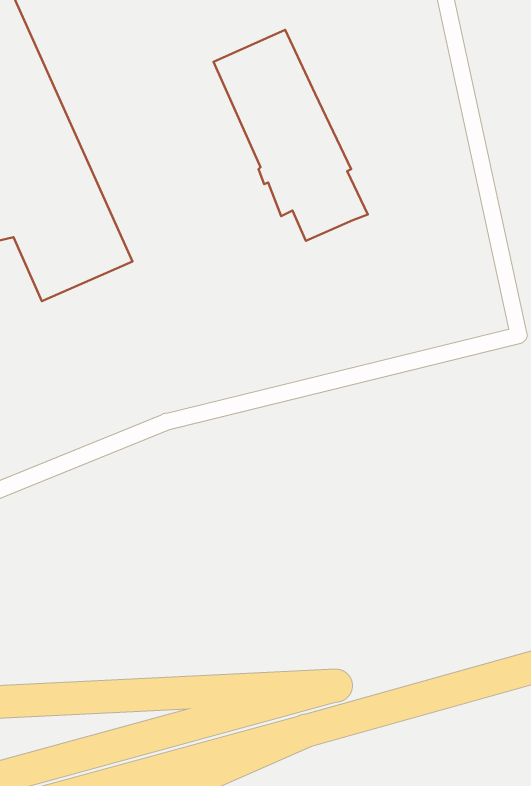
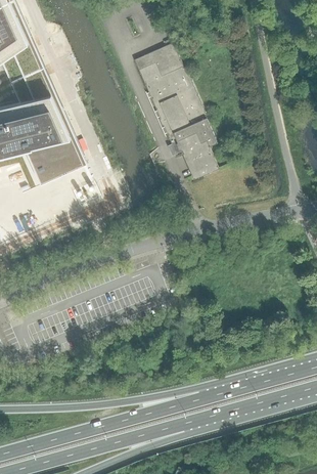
building: none -> [180,144,215,181]

